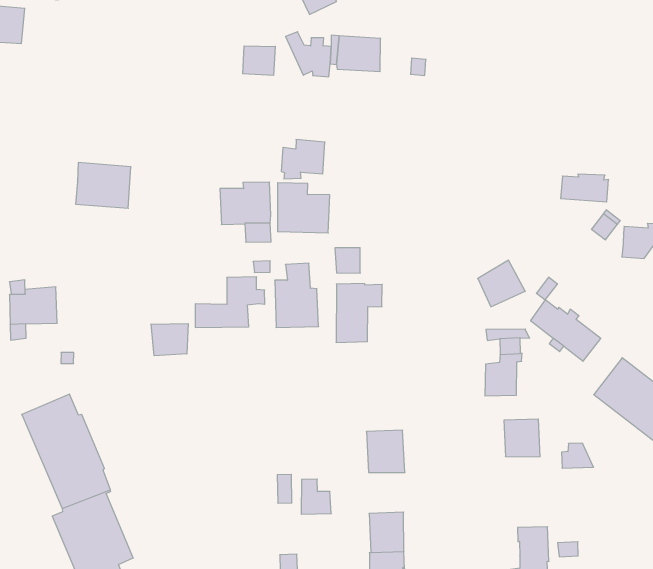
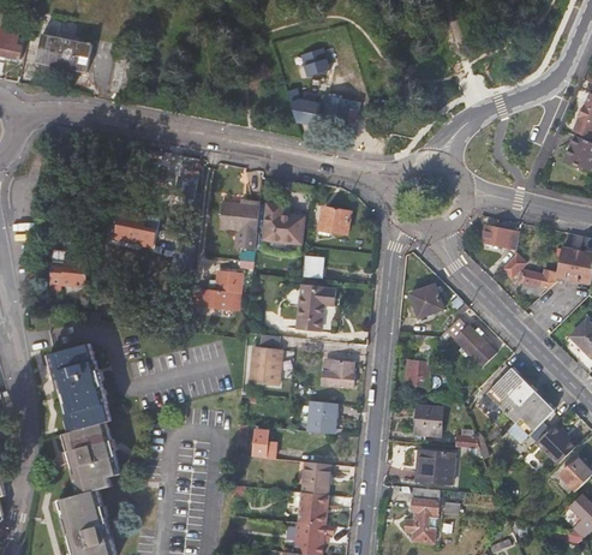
building: [243,46,275,75] -> none
building: [281,139,325,179] -> [316,207,352,237]
building: [76,163,131,208] -> [114,208,160,247]
building: [275,263,319,327] -> [247,335,282,386]
building: [151,324,188,356] -> none
building: none -> [322,360,355,387]
building: none -> [415,449,454,485]

